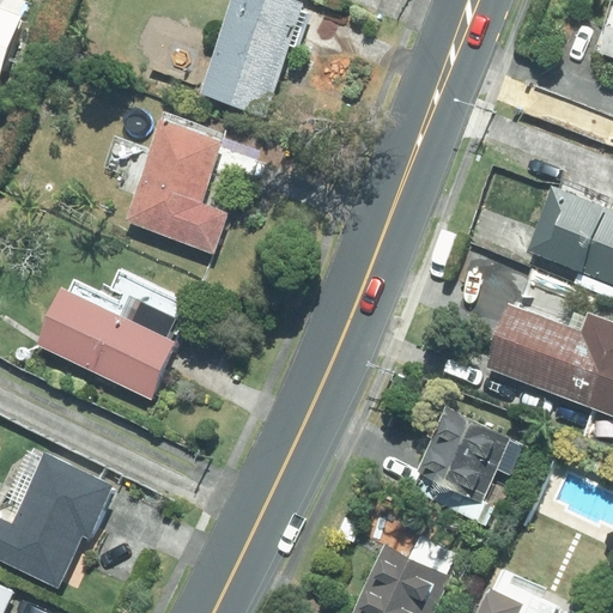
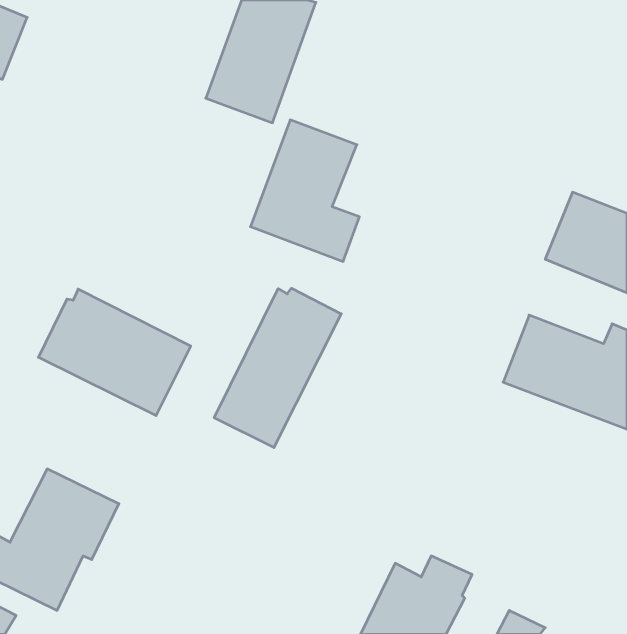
building: [122,119,227,255] -> [250,120,359,261]
building: none -> [214,288,341,448]
building: [413,407,523,526] -> none

